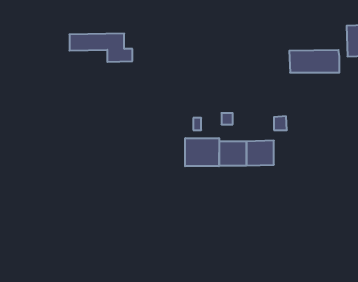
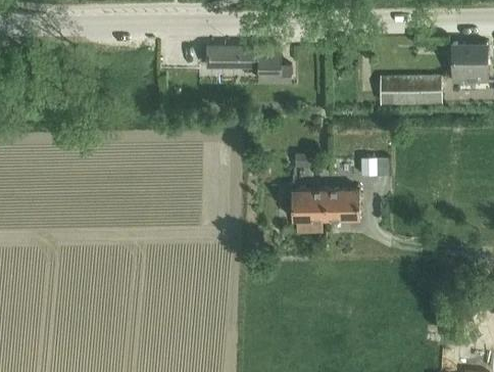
building: [69,34,132,62] -> [210,46,290,82]
building: [185,138,219,166] -> none

